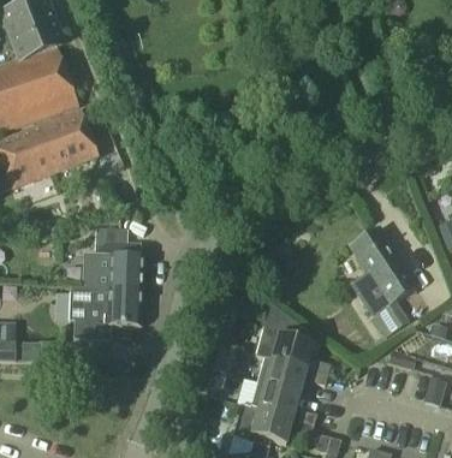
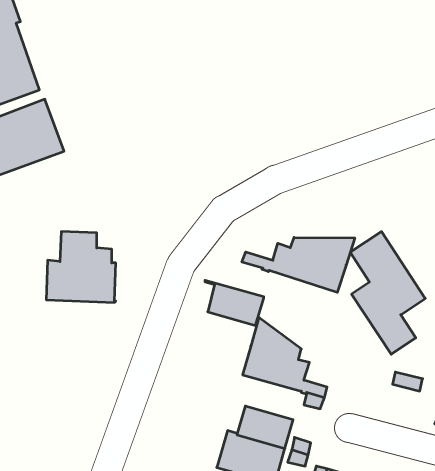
building: none -> [242,237,355,292]
building: [70,287,143,340] -> none
building: [256,353,308,393] -> [205,280,264,325]

